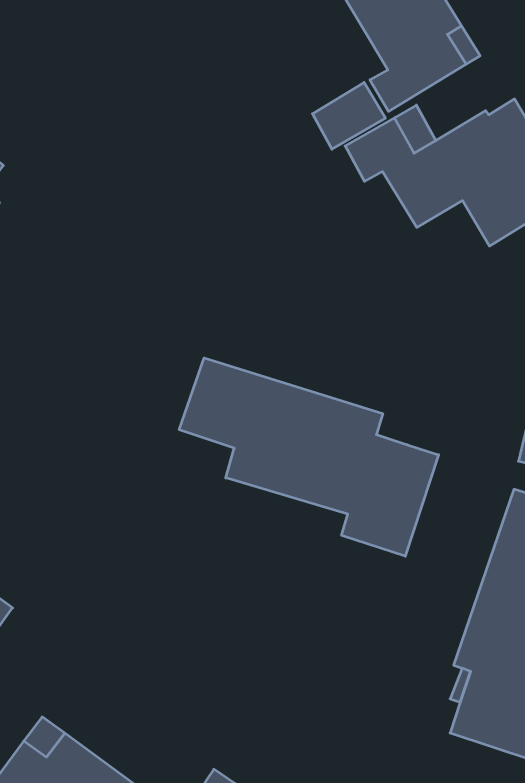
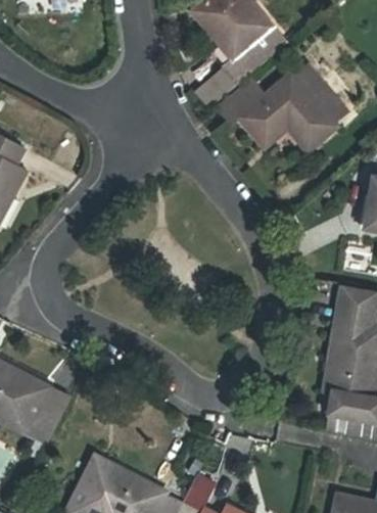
building: [179,358,439,556] -> none

